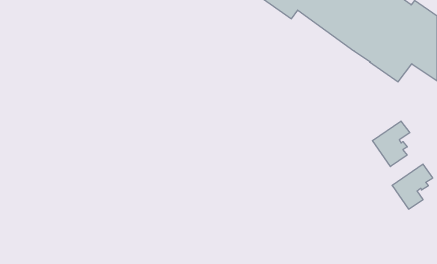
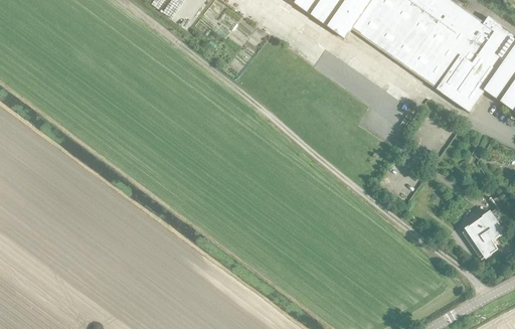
building: [372,121,410,167] -> none

